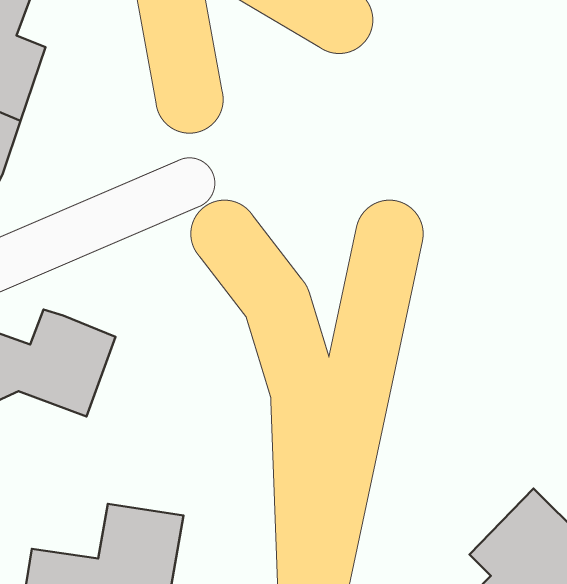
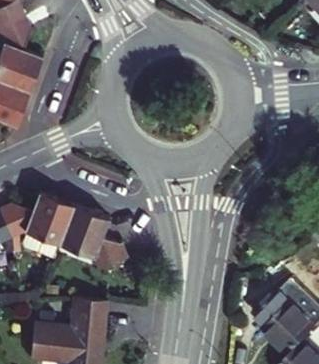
building: none -> [61,203,134,271]

